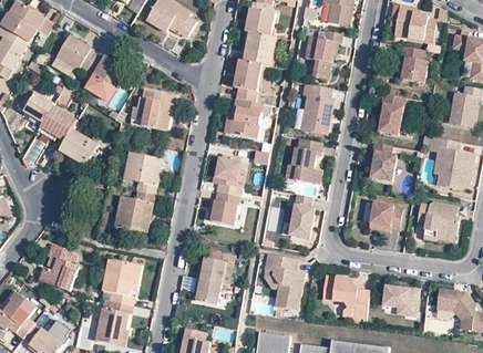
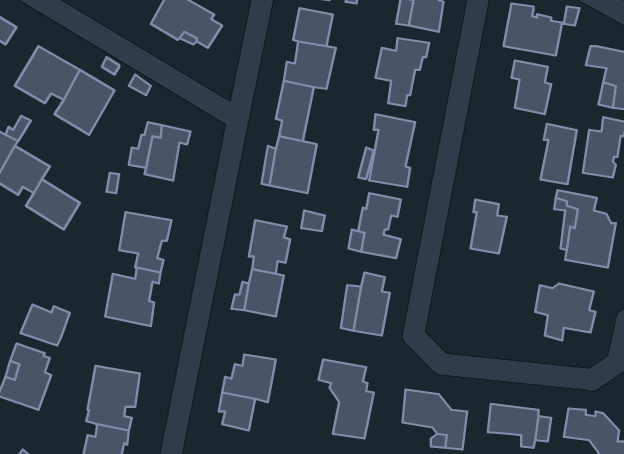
building: [379,93,404,135] -> [541,124,577,184]
building: [370,203,402,230] -> none
building: none -> [21,304,70,346]

